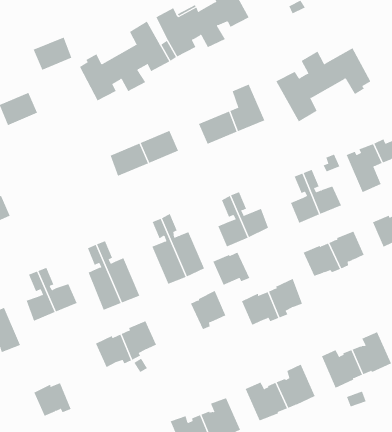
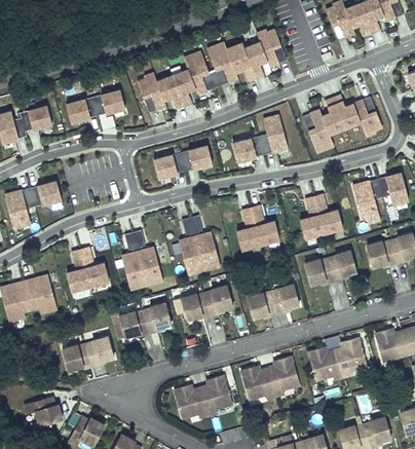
building: [33,37,72,70] -> [92,89,124,115]
building: [212,252,250,286] -> [181,293,211,320]
building: none -> [85,336,113,368]

